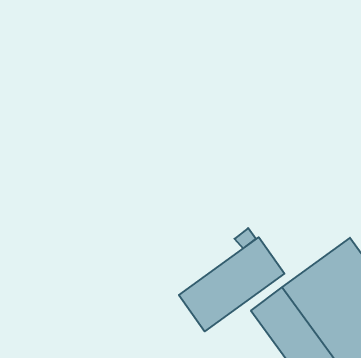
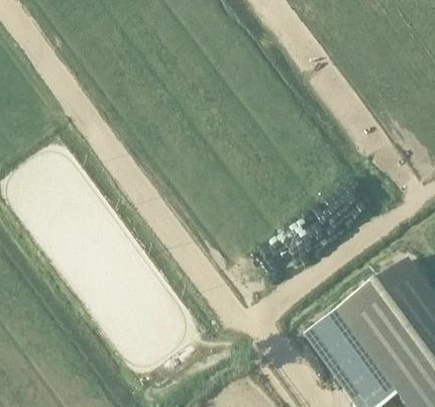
building: [179,237,284,331] -> none

